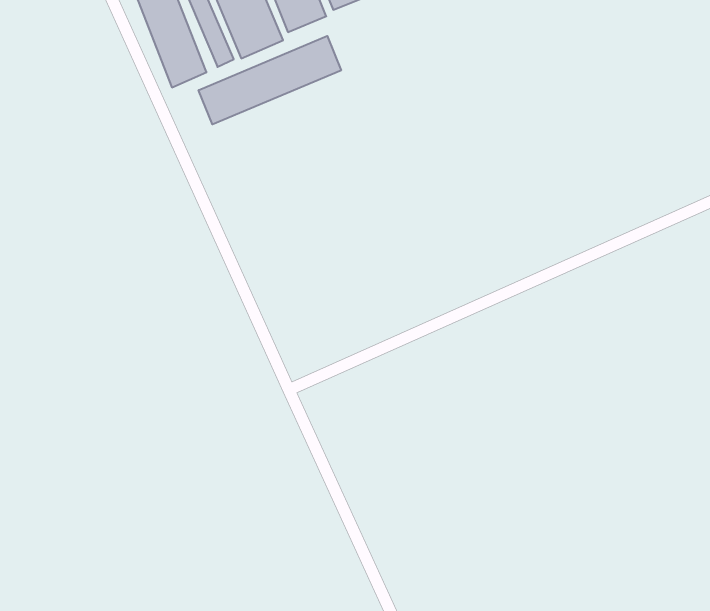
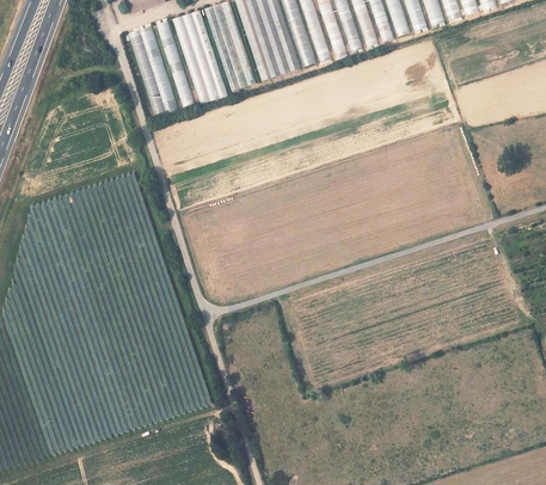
building: [199,36,341,124] -> none

